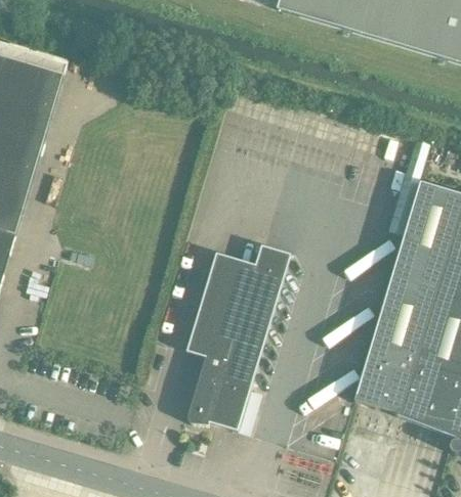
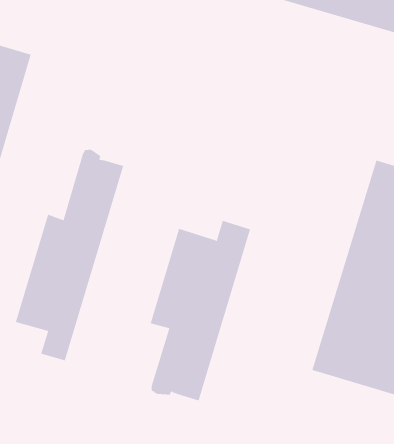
building: none -> [15,149,124,361]

